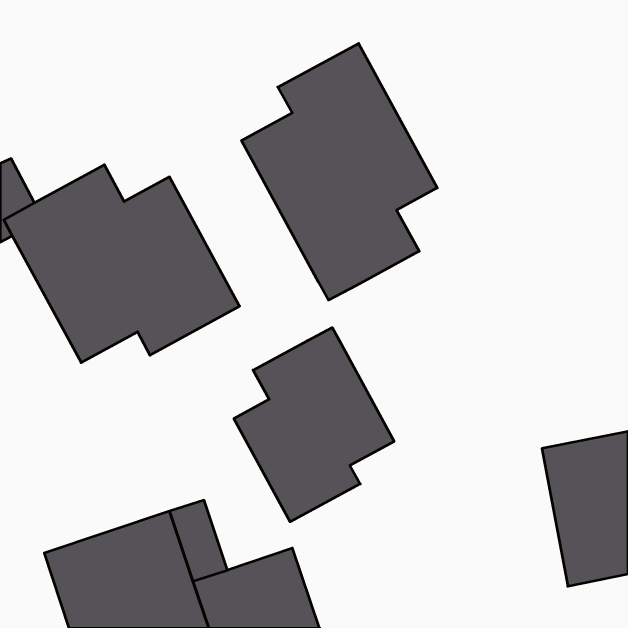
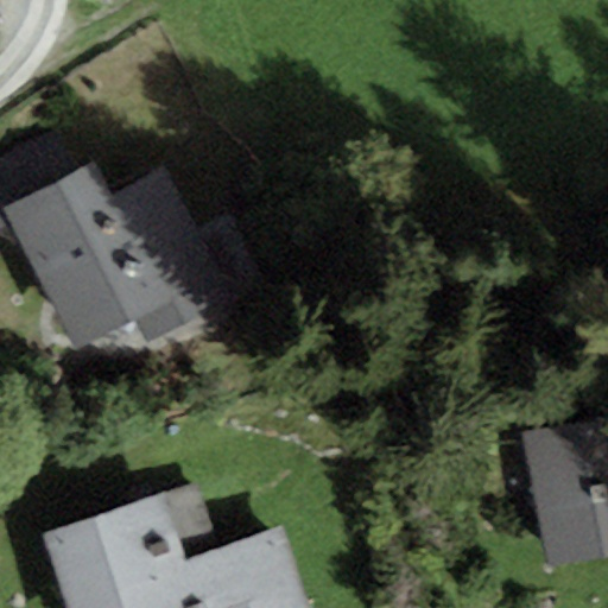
building: [242,43,437,300] -> none
building: [234,328,394,522] -> none

